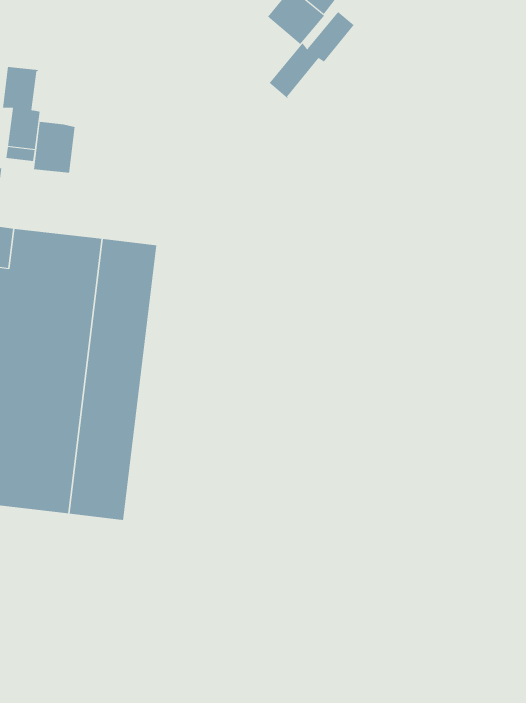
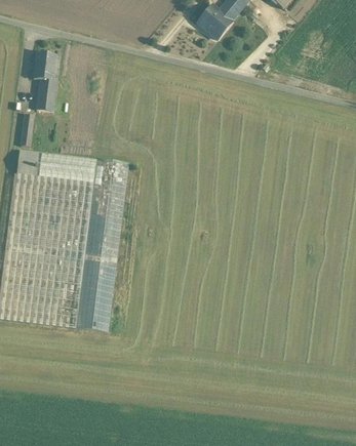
building: [269,11,355,99] -> none
building: [34,120,75,173] -> none

